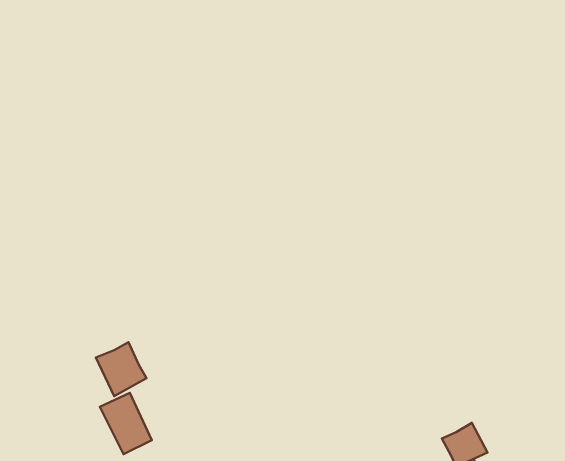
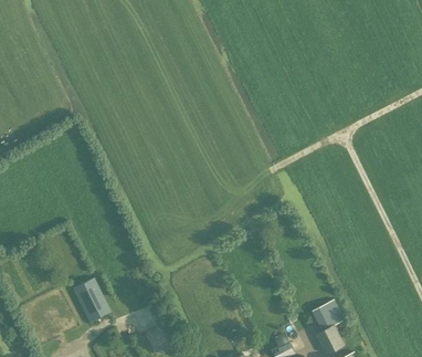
building: [96,342,146,396] -> none

